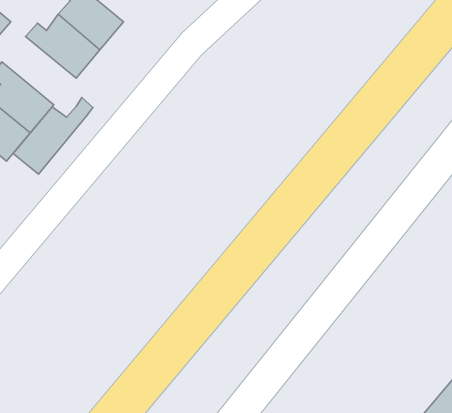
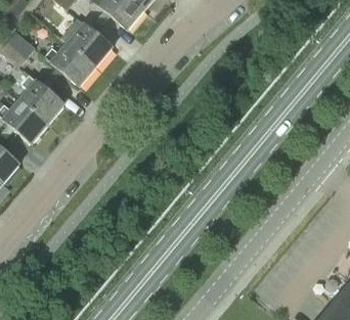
building: [13,97,93,174] -> none

